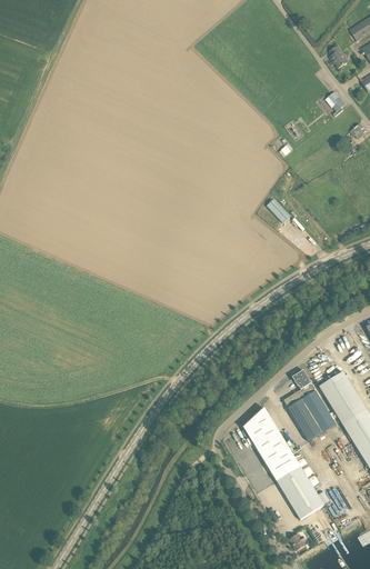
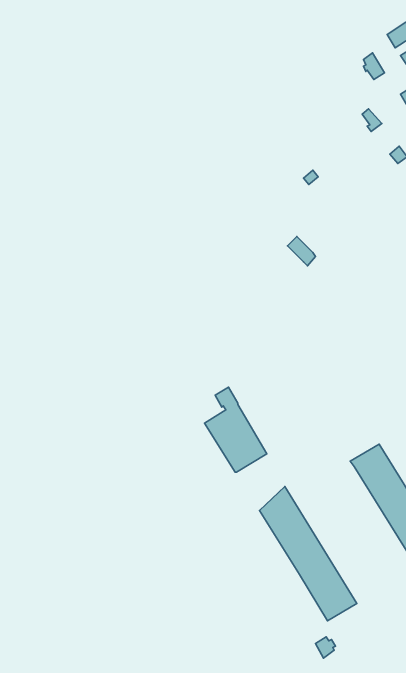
building: [282,369,334,440] -> [204,387,267,472]

